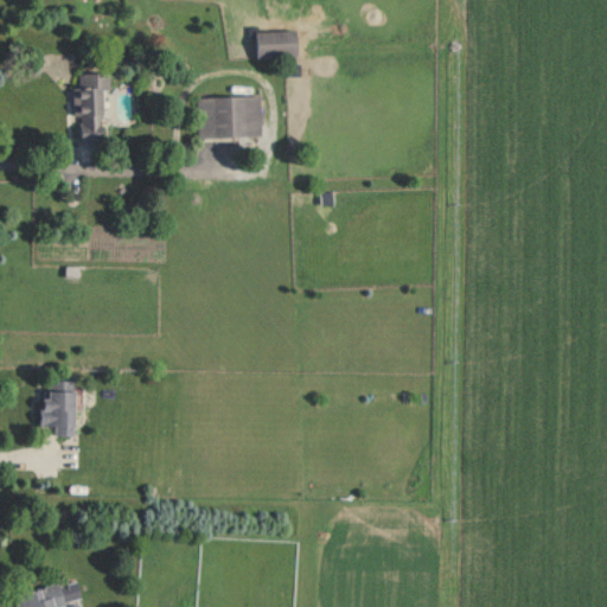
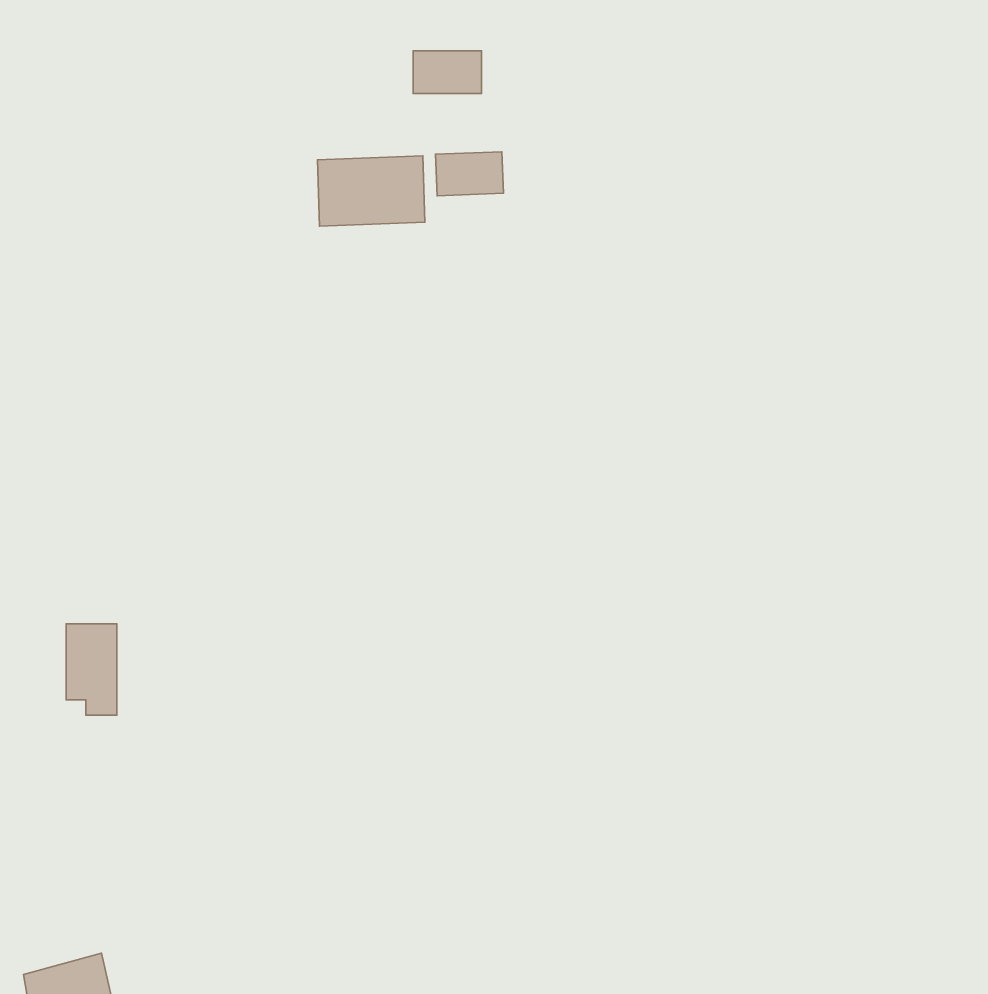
building: [78,74,111,142] -> none
building: none -> [436,152,503,196]

